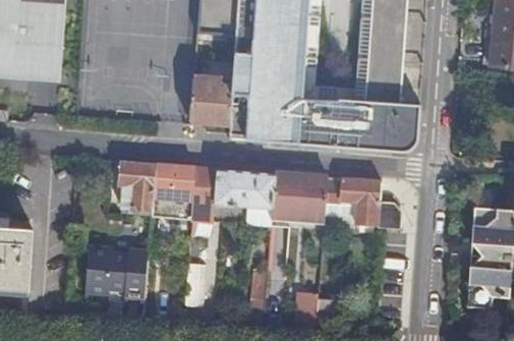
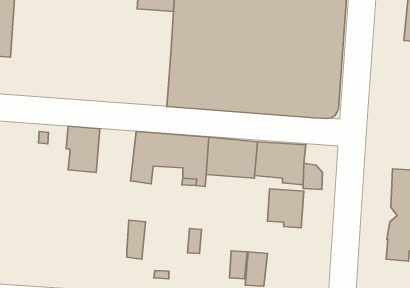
building: [190,59,233,123] -> none
building: [152,162,195,219] -> none
building: none -> [268,189,304,228]
building: [84,243,148,295] -> none

